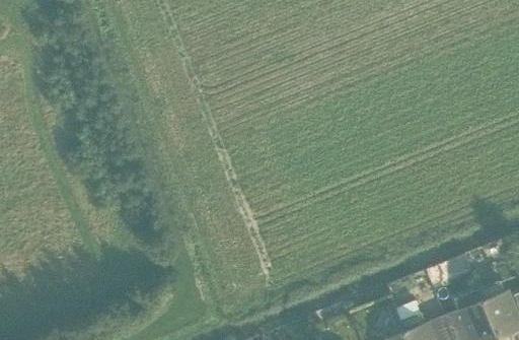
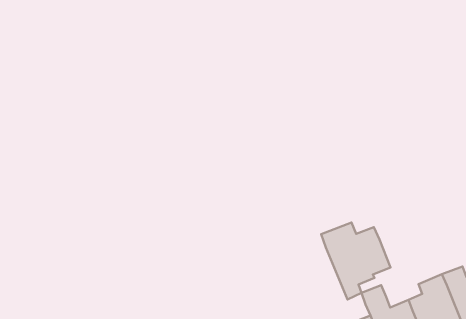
building: none -> [321,222,391,300]

